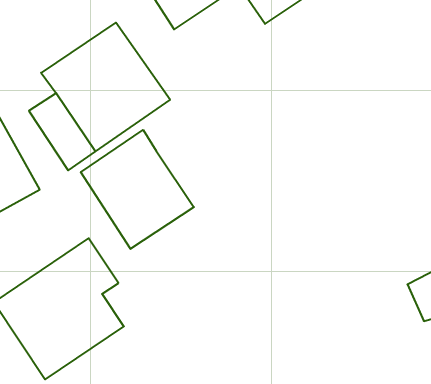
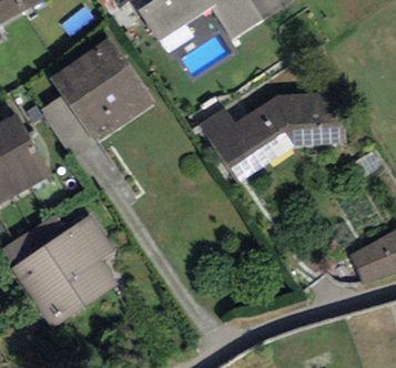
building: none -> [197,90,346,182]
building: [81,130,194,249] -> none

